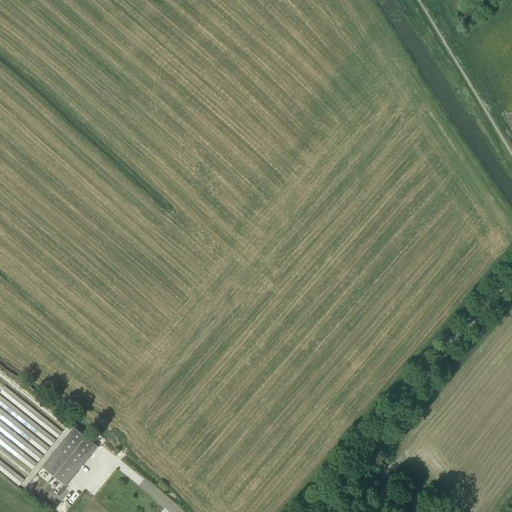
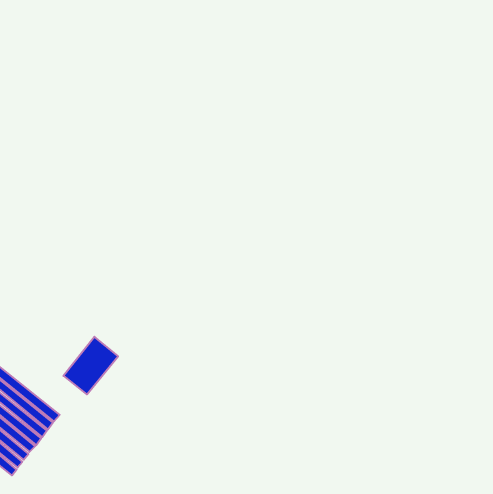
building: [34,434,90,493] -> [63,337,118,394]

